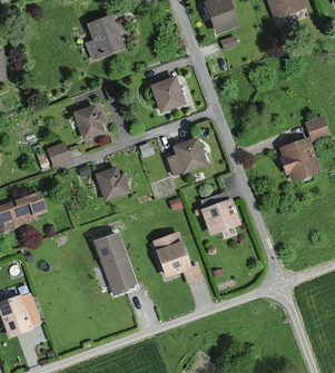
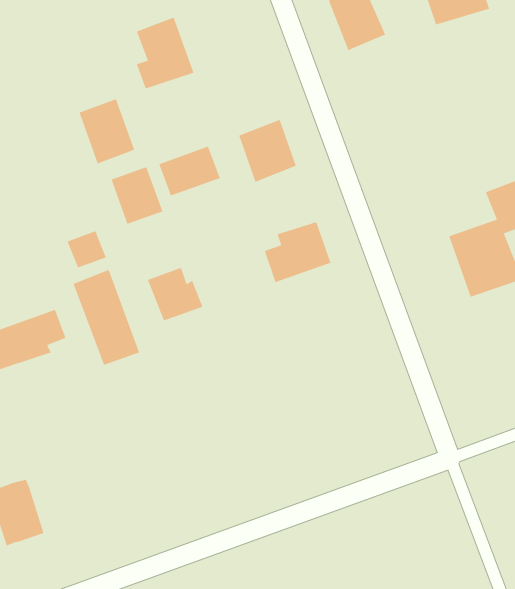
building: none -> [78,98,135,164]
building: none -> [158,146,221,196]
building: [200,199,243,239] -> none
building: [95,233,136,292] -> [73,269,140,366]
building: [151,234,199,283] -> none

